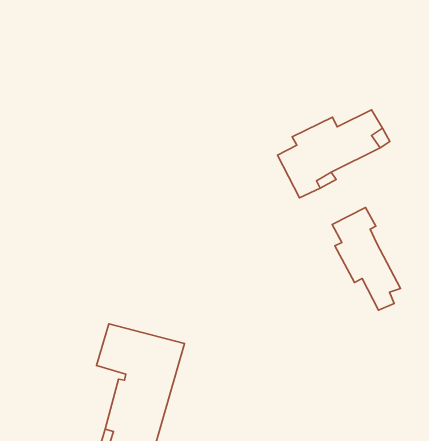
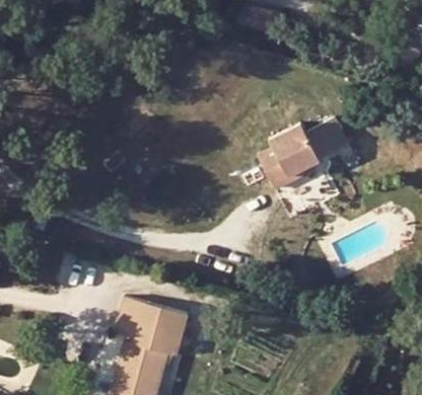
building: [332,207,401,310] -> none

